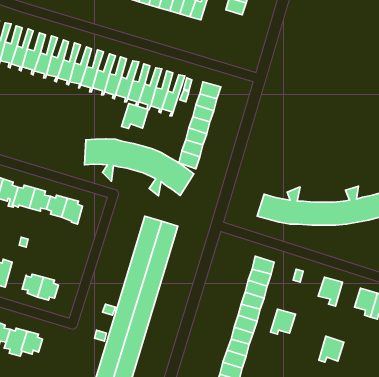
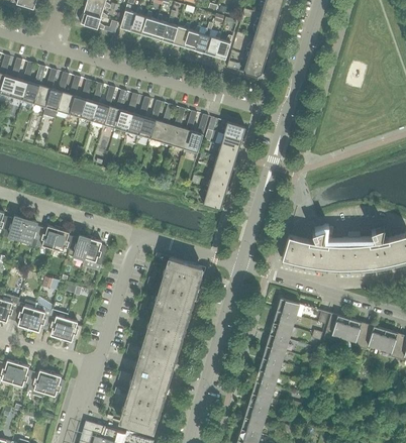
building: none -> [243,49,267,77]
building: [122,103,148,128] -> none
building: [84,139,194,196] -> none
building: none -> [28,303,53,332]
building: [270,309,295,334] -> [324,314,349,339]
building: [319,336,344,362] -> [361,324,386,350]

